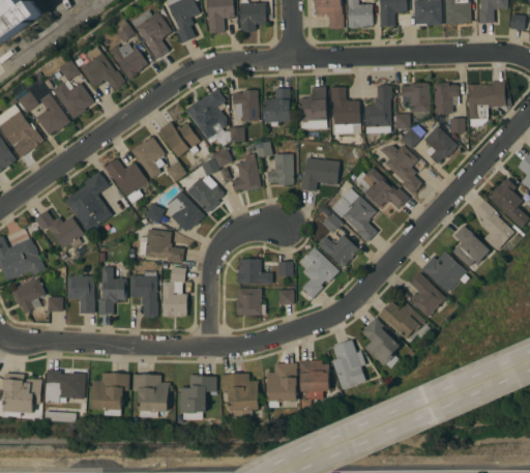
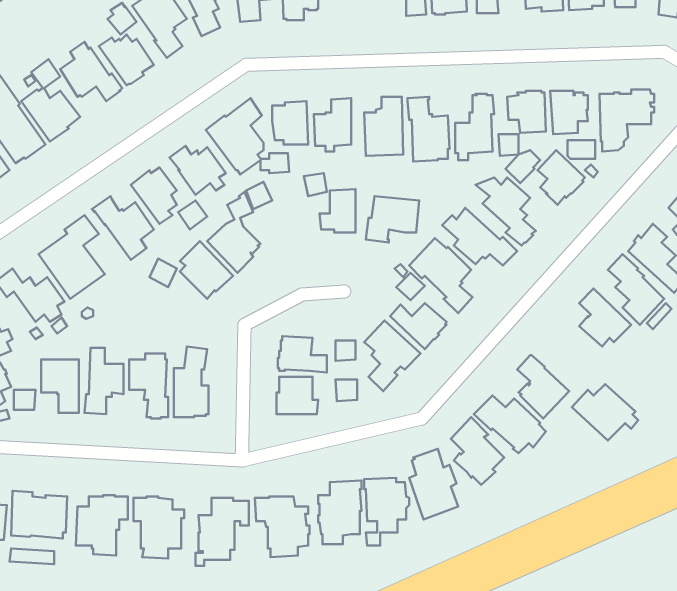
building: [232,159,261,191] -> none
building: [139,229,184,264] -> none
building: [421,252,469,292] -> [572,384,638,440]

